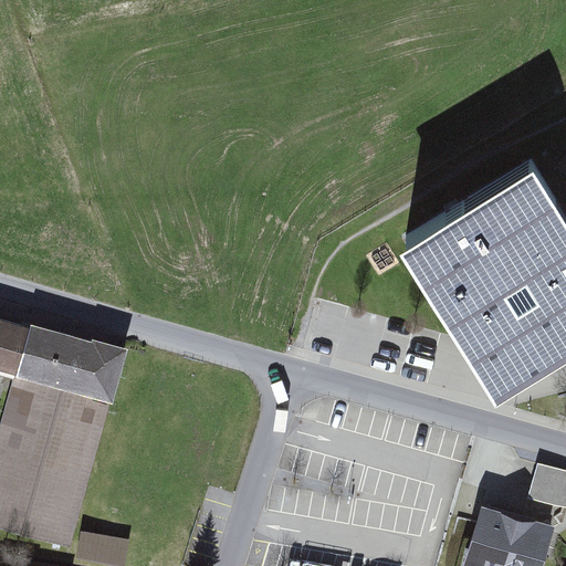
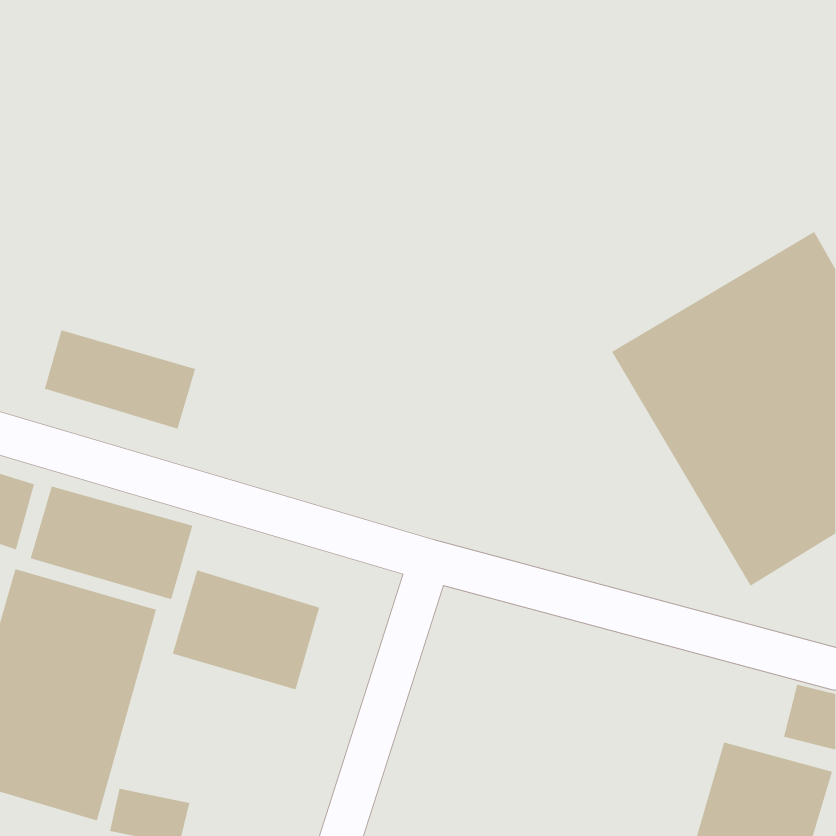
building: none -> [44,329,196,429]
building: none -> [172,570,320,690]

